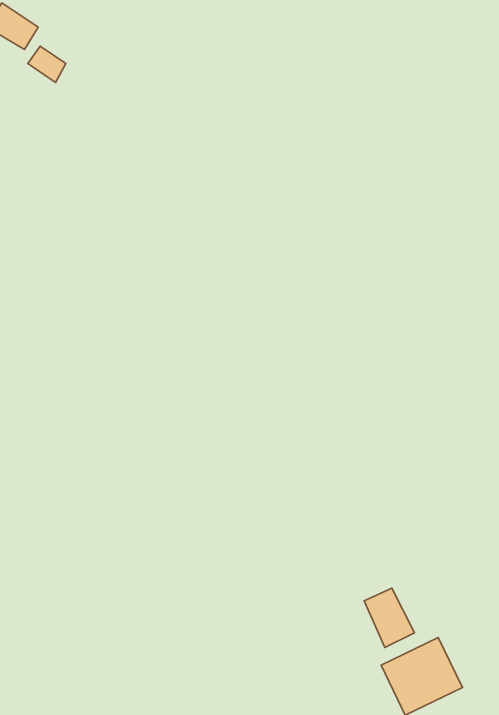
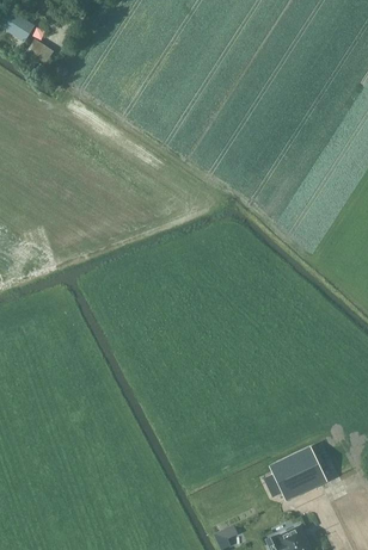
building: [364,588,415,647] -> none

